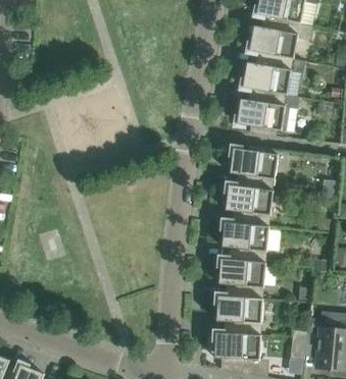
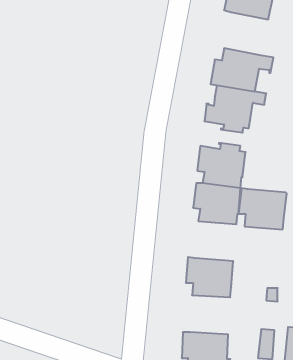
building: [248,16,311,59] -> none
building: [220,222,268,263] -> [238,188,287,229]
building: [215,296,261,335] -> none

